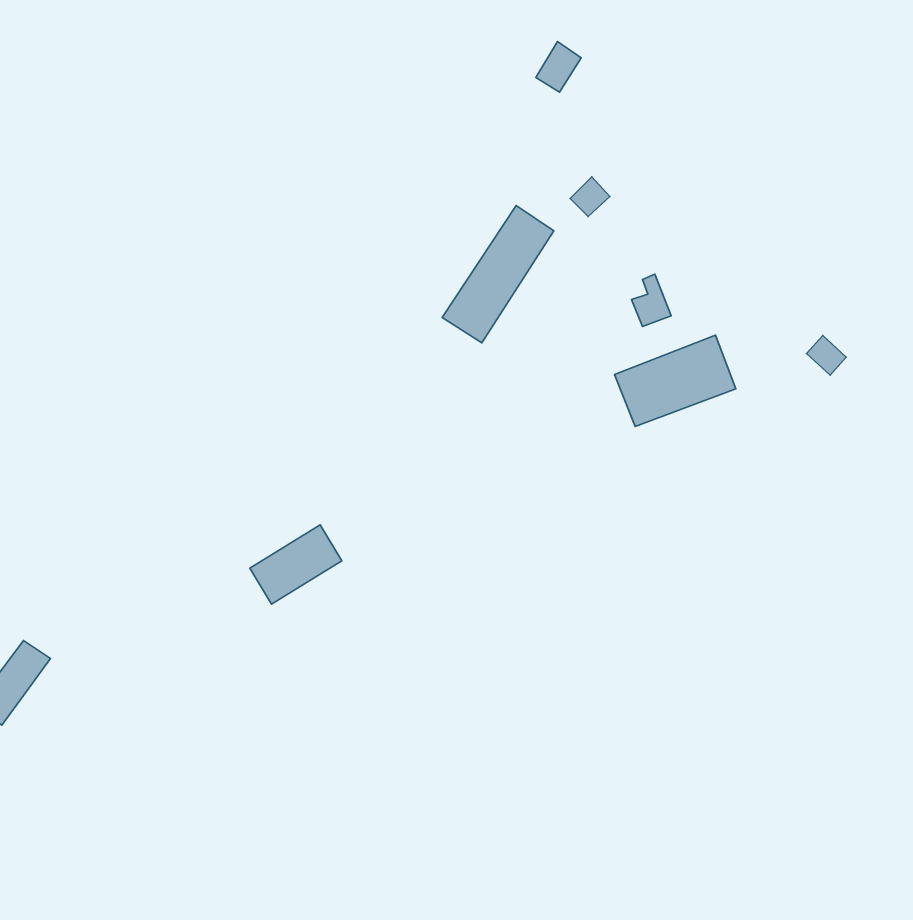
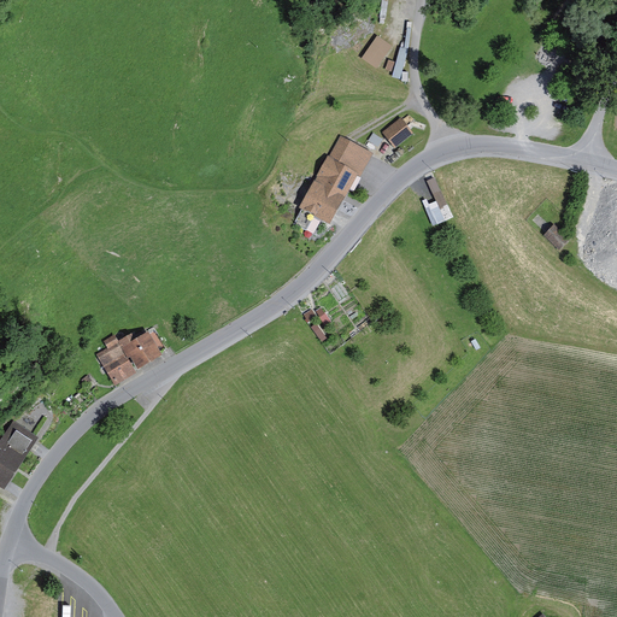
building: [615,335,736,426] -> none
building: [250,525,342,604] -> [98,329,159,382]

